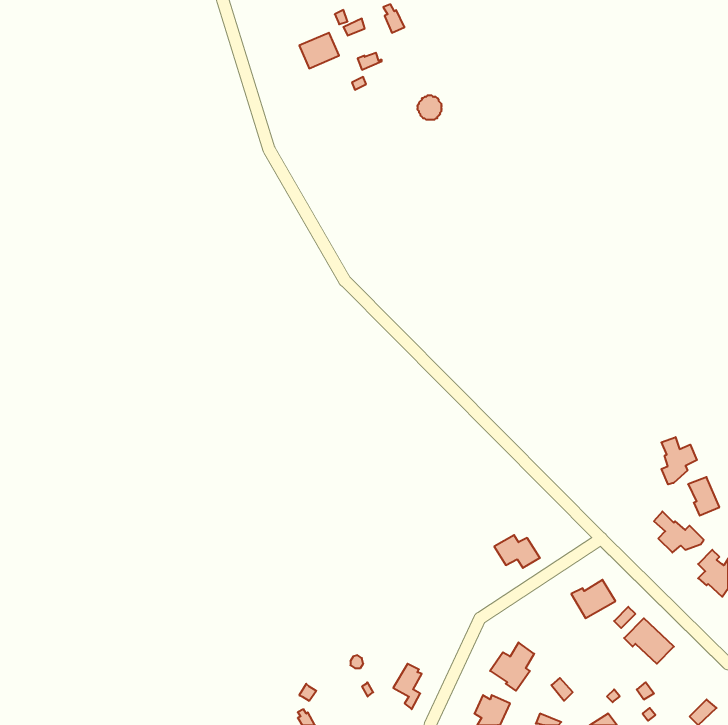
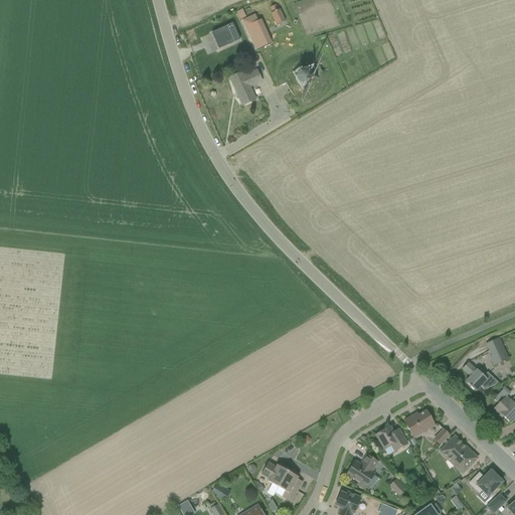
building: none -> [229,69,262,105]
building: [661,437,697,484] -> none
building: [494,535,540,568] -> [375,426,407,450]
building: none -> [261,462,288,495]
building: none -> [469,470,502,495]

